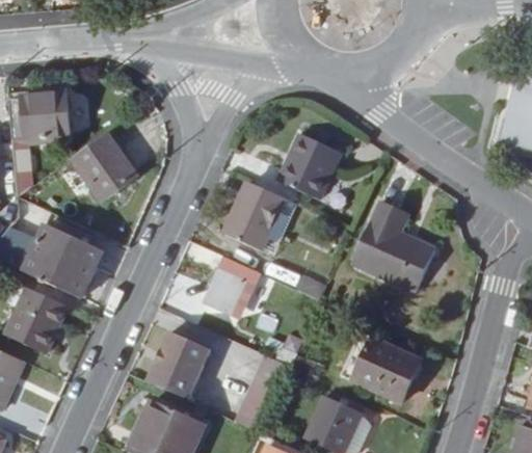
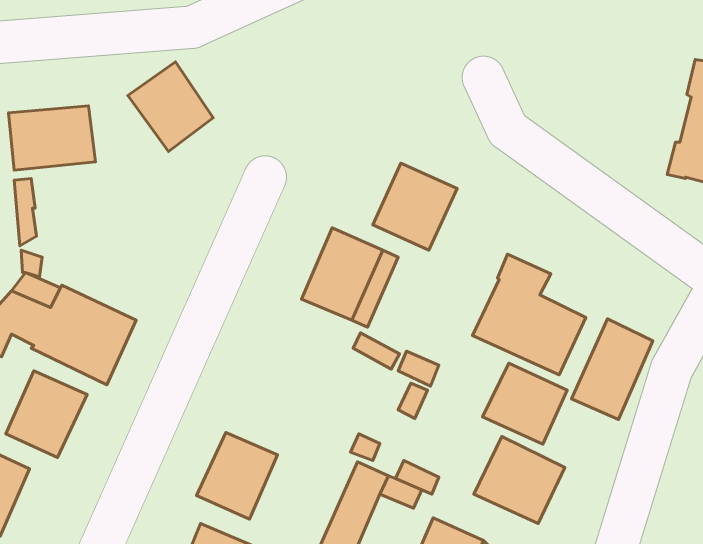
building: [72,133,135,199] -> [128,62,213,152]
building: none -> [572,319,653,419]
building: [204,256,251,315] -> none
building: none -> [482,363,567,444]

